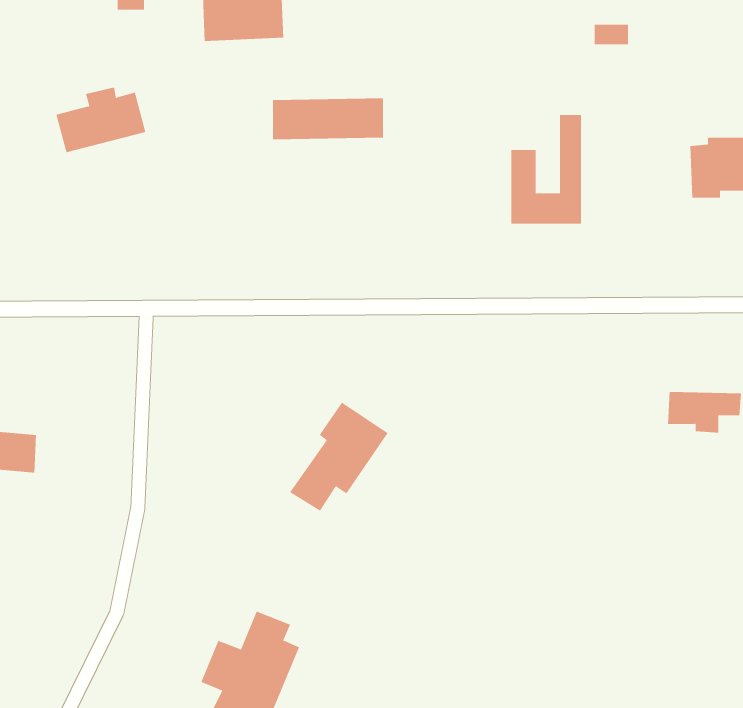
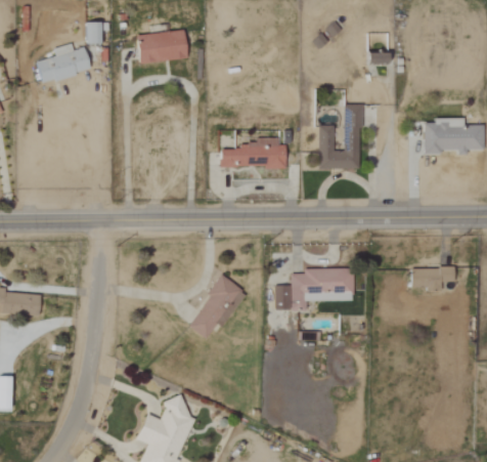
building: [55,87,146,153] -> [38,44,91,83]
building: [272,98,384,140] -> [221,143,286,168]
building: none -> [276,268,355,310]

